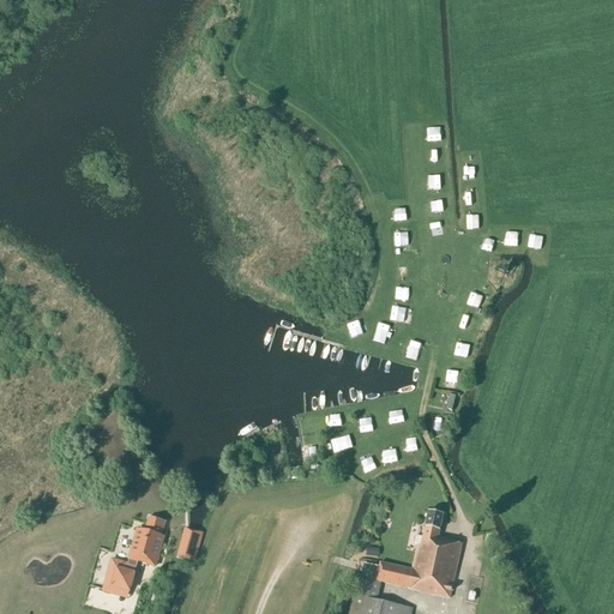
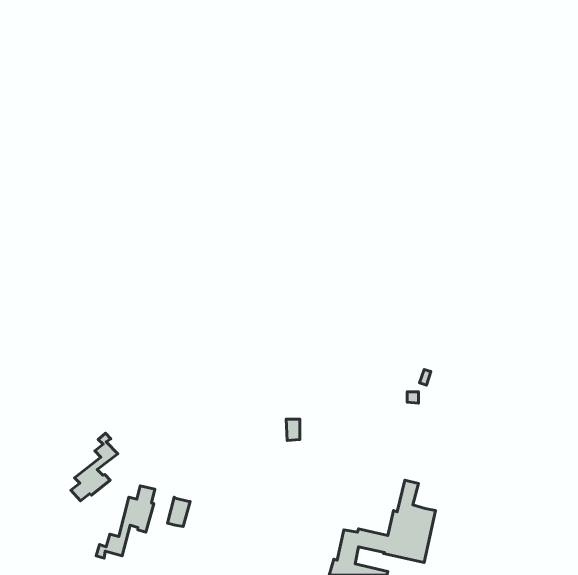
building: none -> [71,433,118,501]

